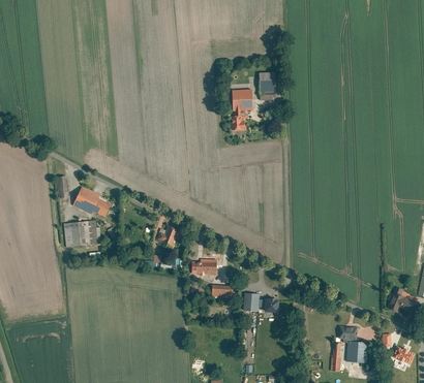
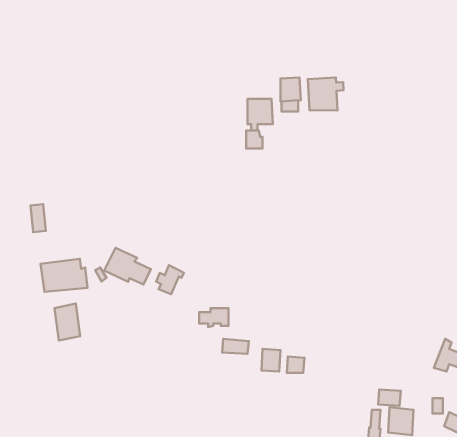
building: none -> [308,78,343,110]
building: [74,187,113,217] -> [104,248,151,284]
building: none -> [55,304,80,341]

